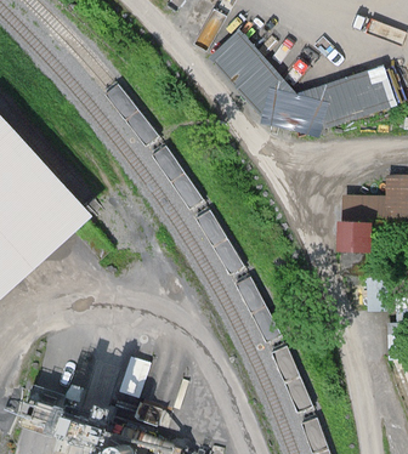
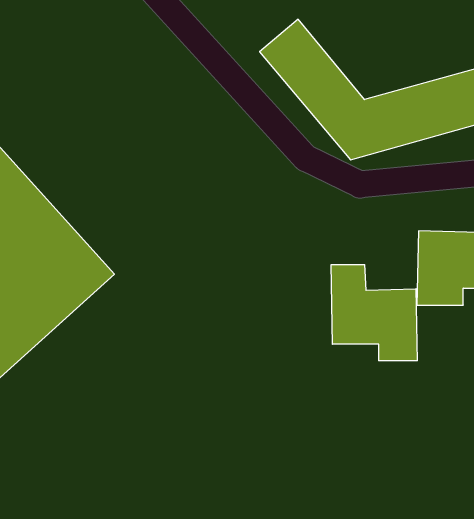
building: none -> [331,265,417,361]

